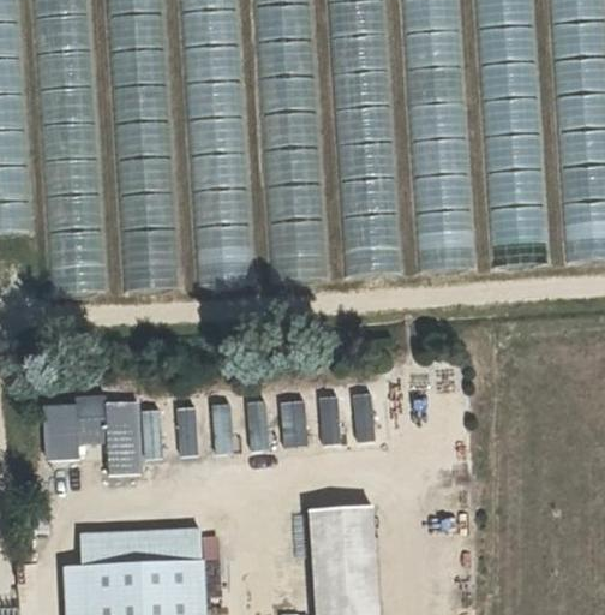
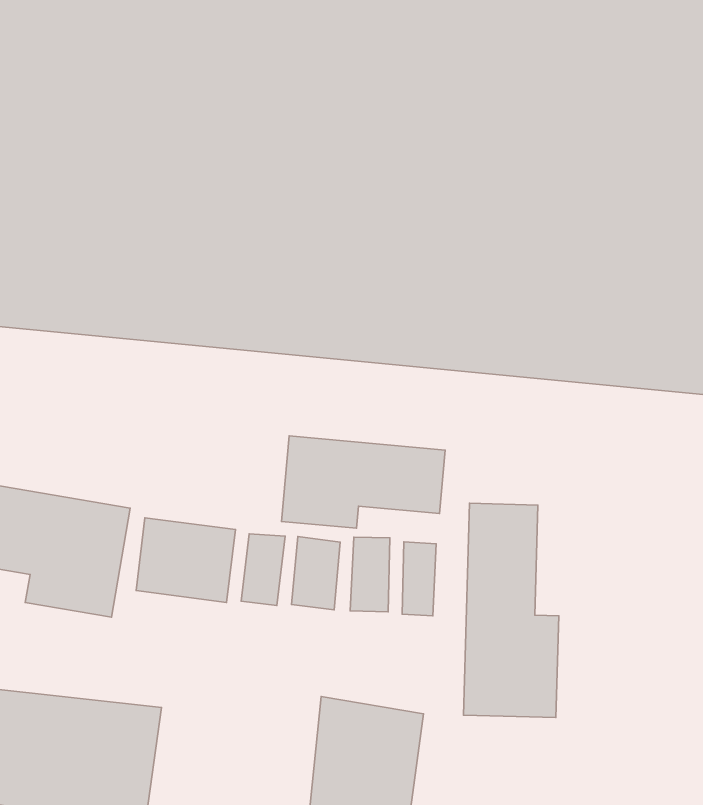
building: none -> [281,436,445,528]
building: none -> [464,503,559,717]

